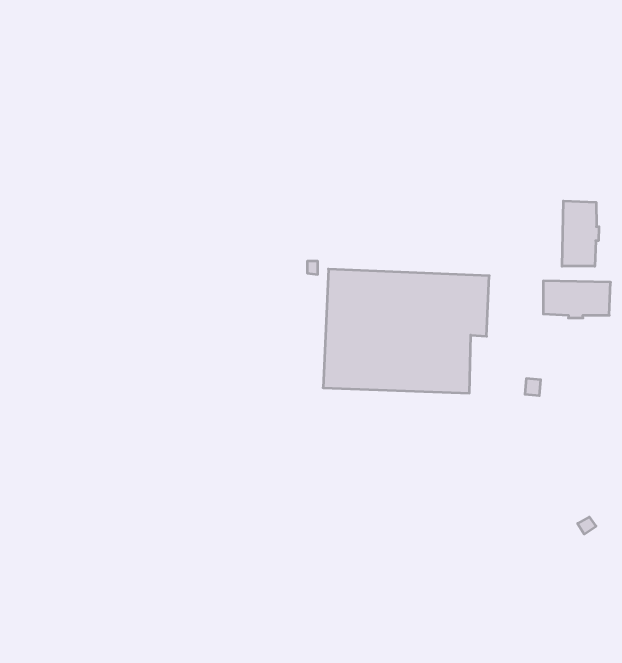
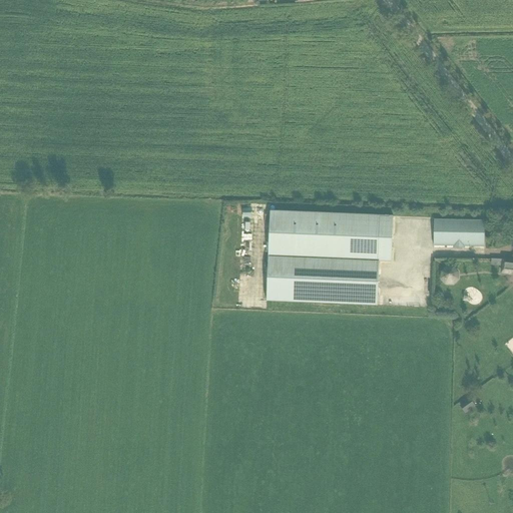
building: [562,201,599,266] -> none

